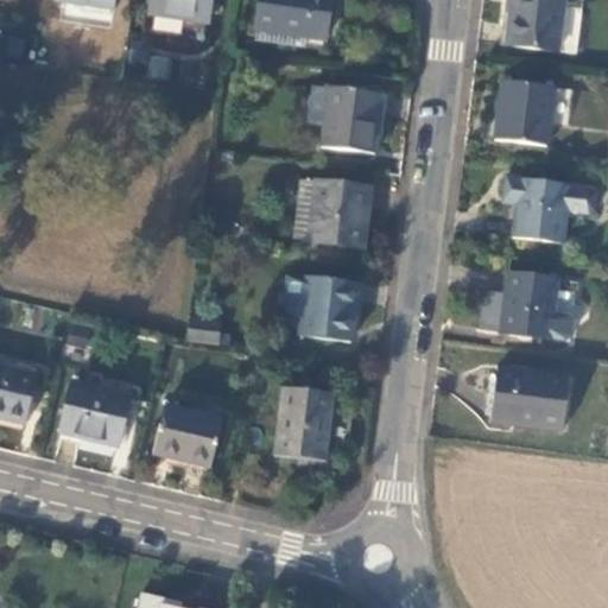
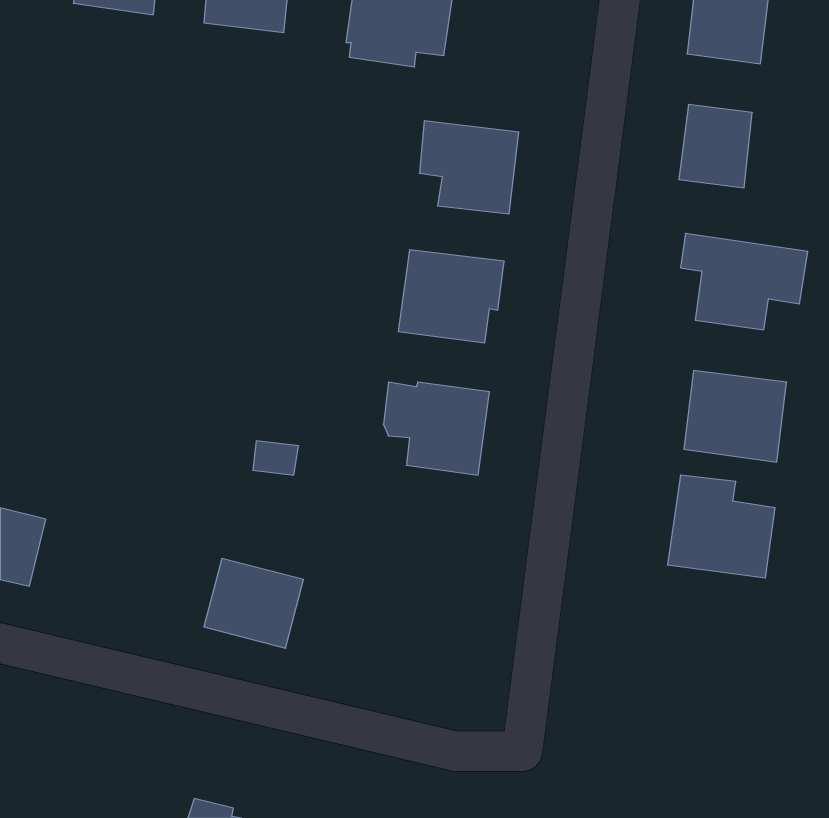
building: [61,384,131,449] -> none
building: [276,390,334,466] -> none

